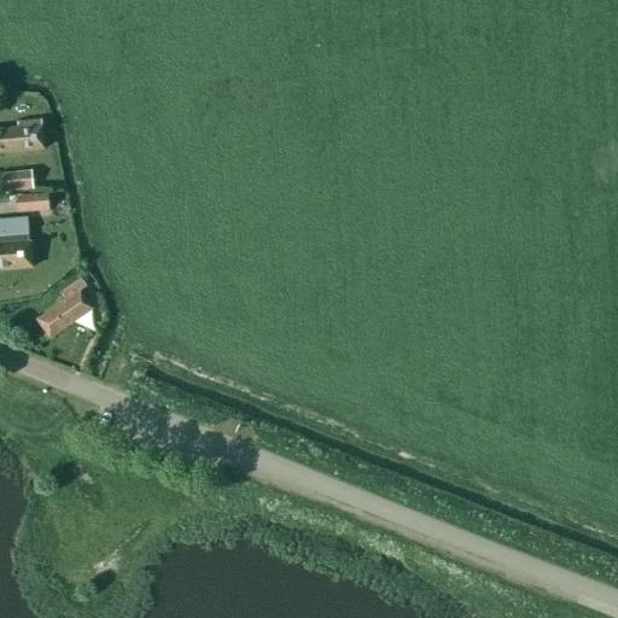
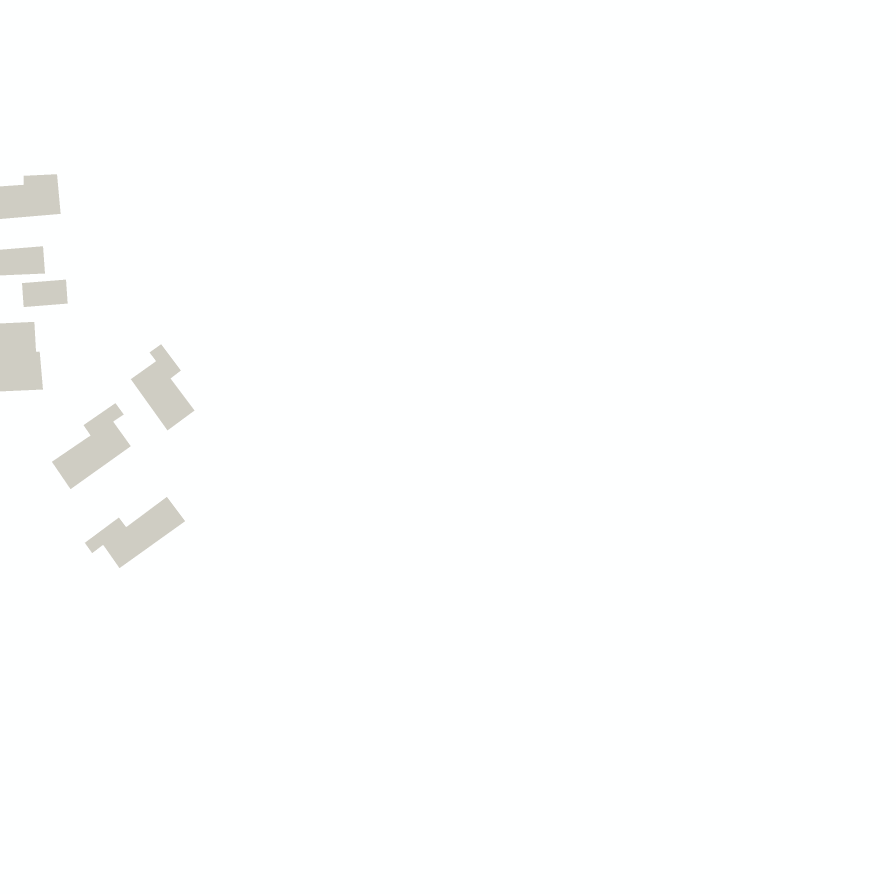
building: none -> [130,343,196,432]
building: none -> [84,496,186,569]

